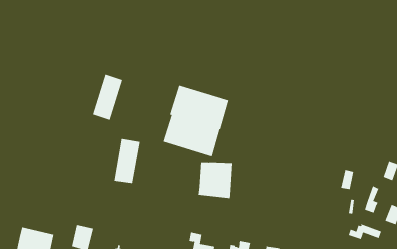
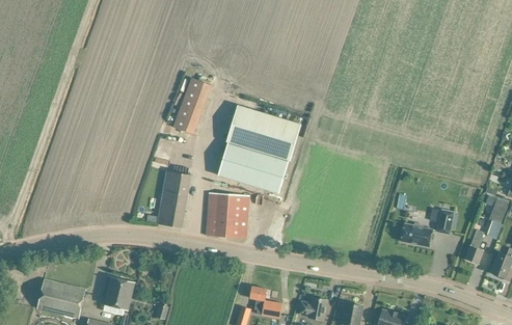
building: [92,74,123,120] -> [181,74,218,131]
building: [198,162,233,199] -> [205,194,248,239]
building: none -> [400,222,431,247]
building: [348,223,382,240] -> none

